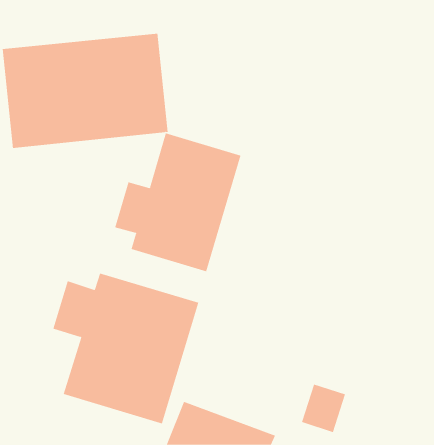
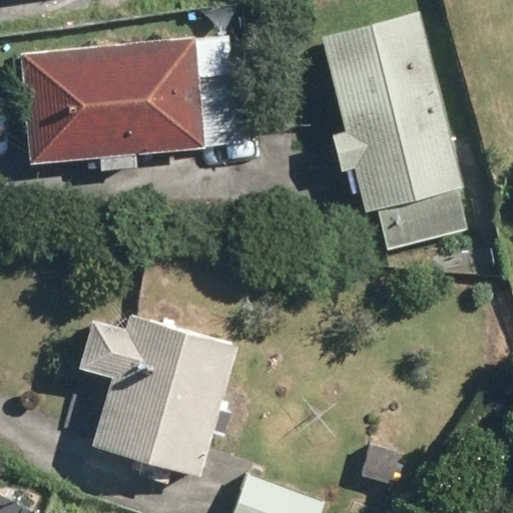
building: none -> [317,11,469,214]
building: [115,132,241,272] -> none

